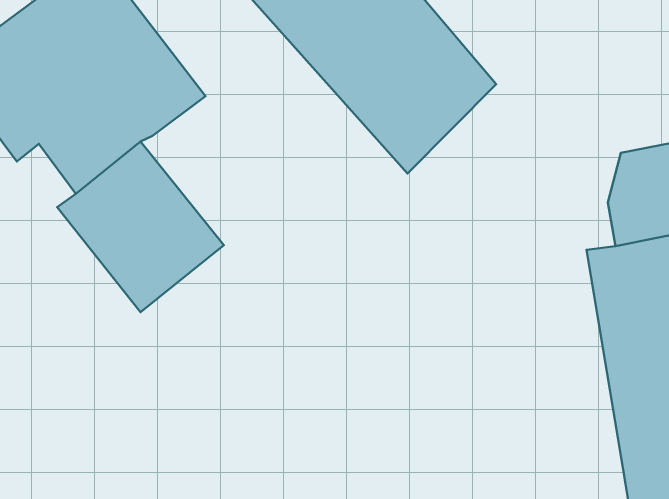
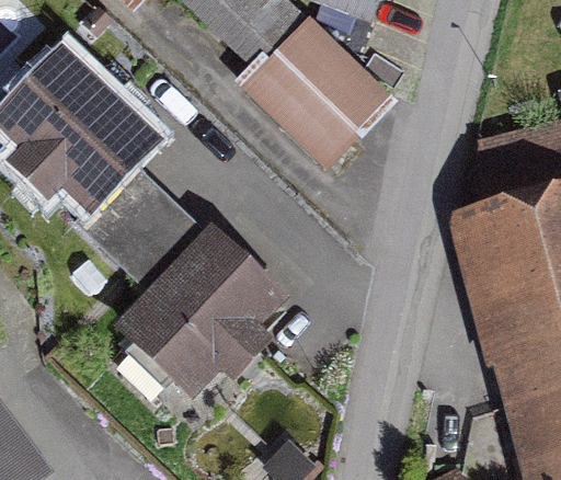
building: none -> [114,225,288,393]

